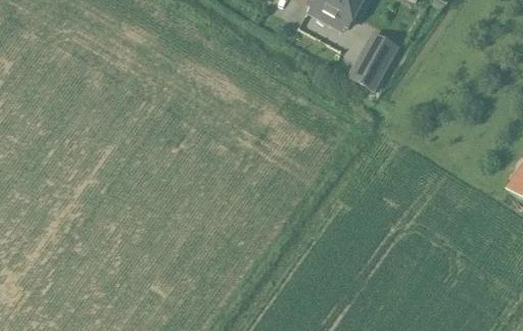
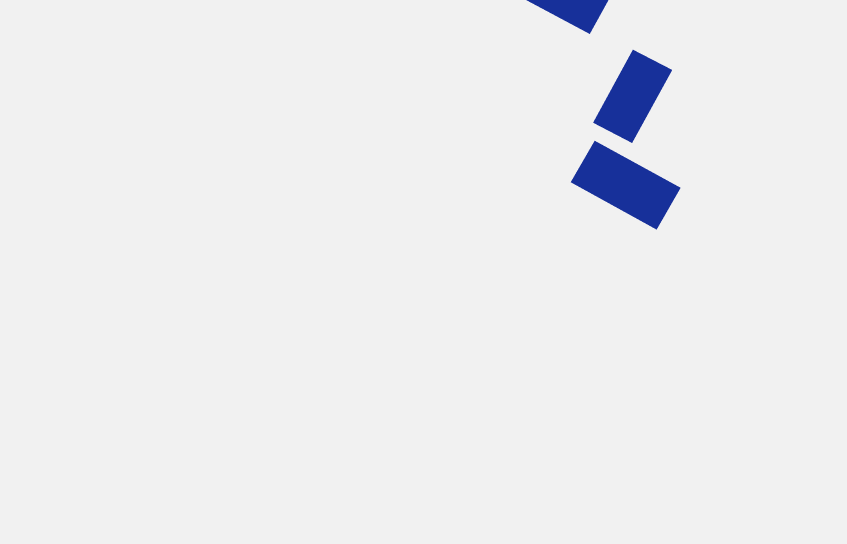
building: none -> [570,140,682,230]

